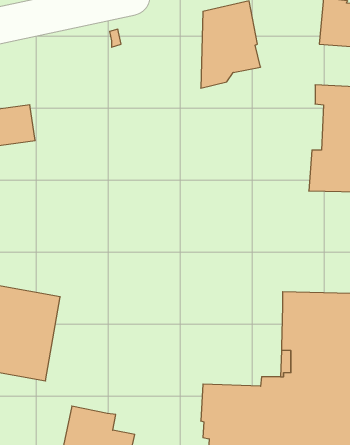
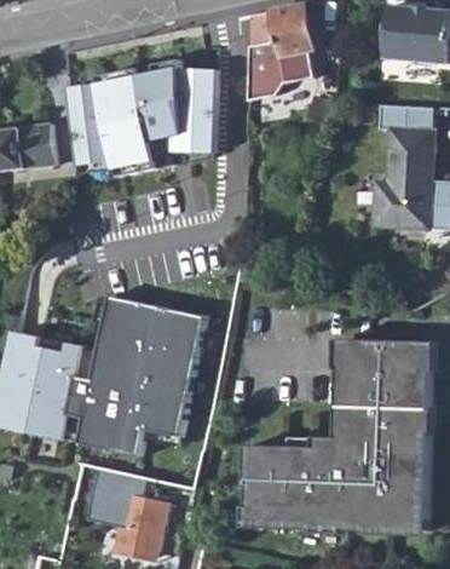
building: none -> [60,70,215,178]
building: none -> [83,299,206,456]

